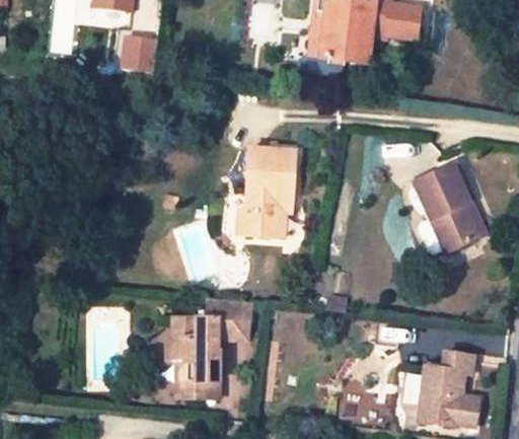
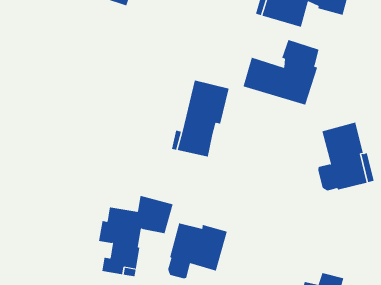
building: none -> [243,39,319,105]
building: none -> [168,222,228,279]

